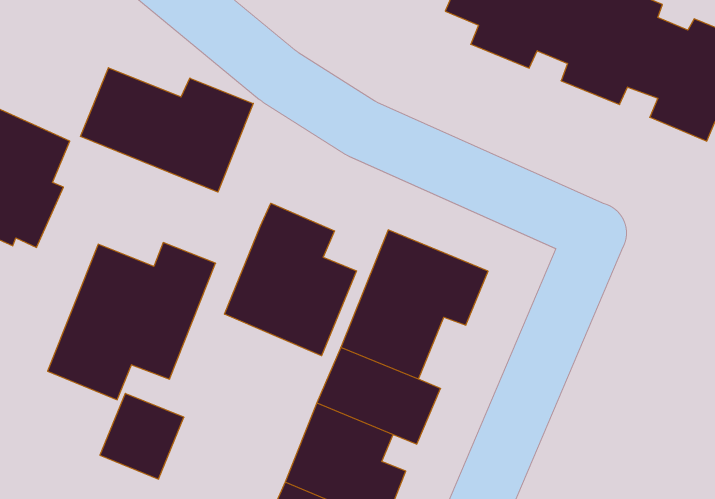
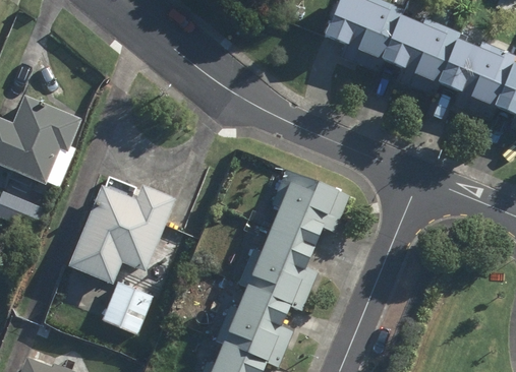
building: [81,68,253,192] -> none
building: [225,203,356,356] -> none

